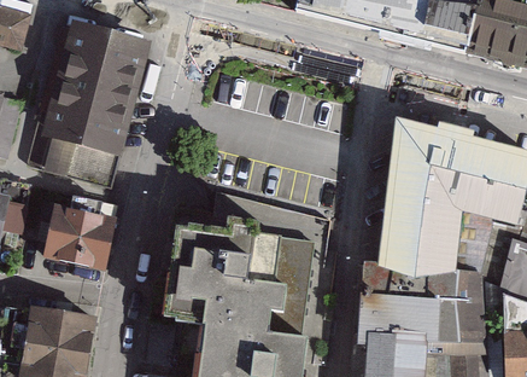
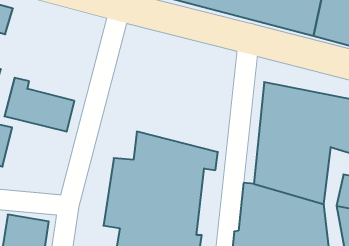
building: [60,19,156,147] -> none
building: [47,201,122,273] -> none

